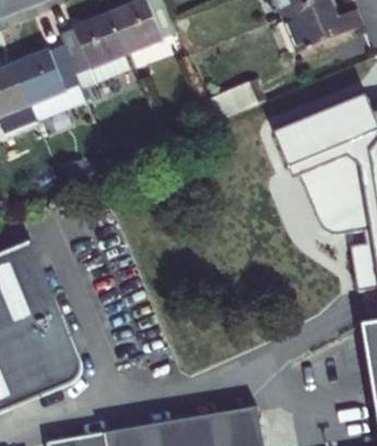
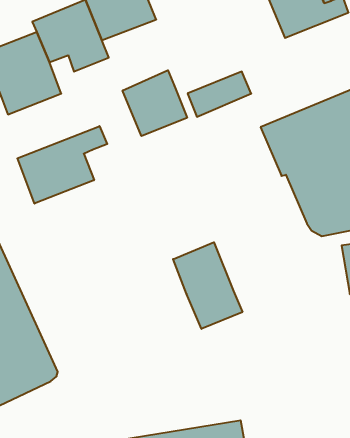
building: none -> [123,70,187,136]
building: none -> [17,126,107,204]
building: none -> [173,242,242,329]

